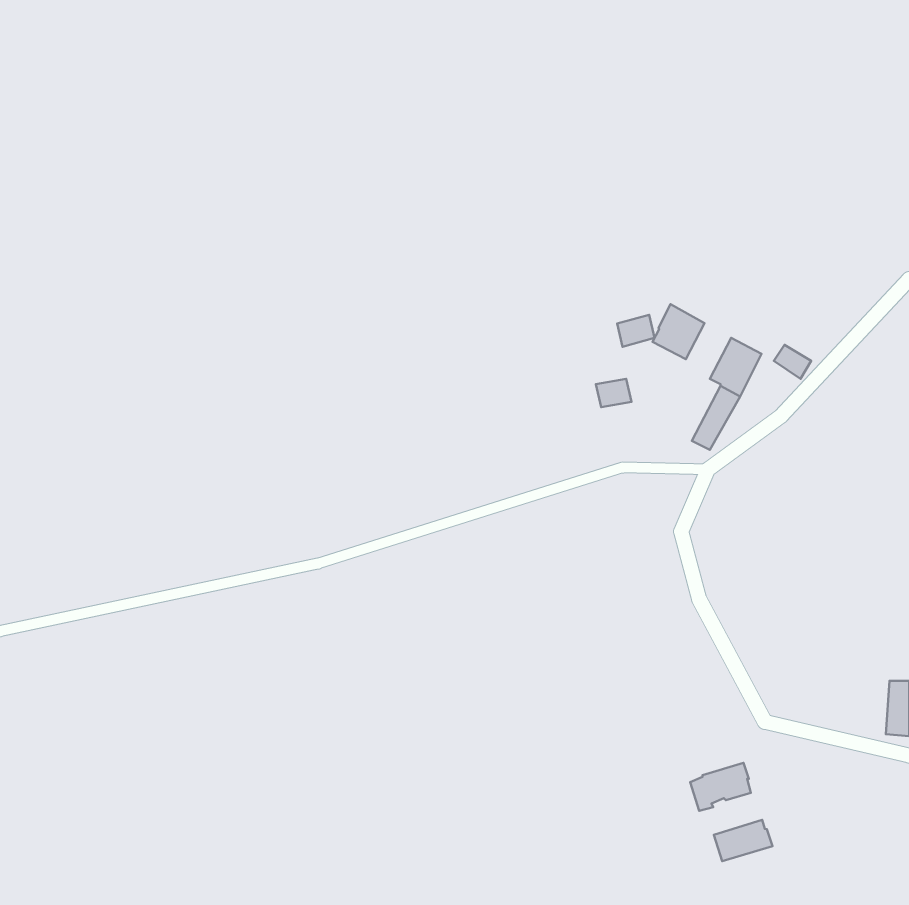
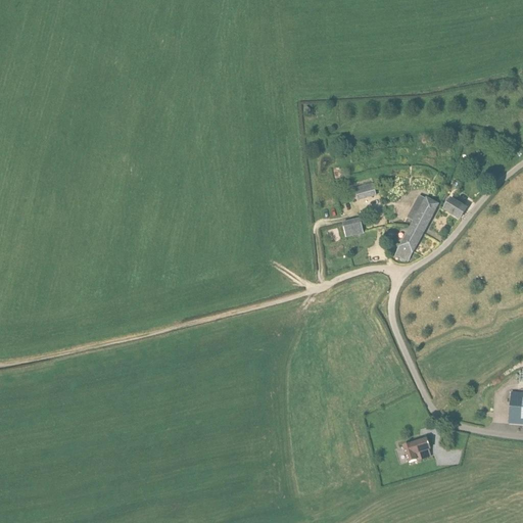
building: [652,304,705,359] -> none
building: [714,820,773,861] -> none

